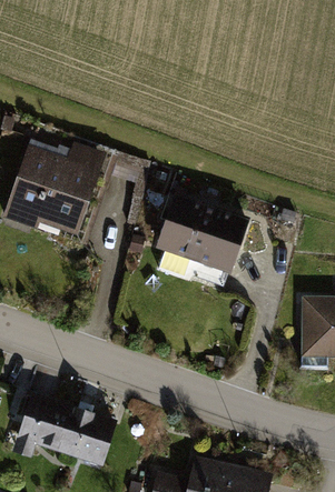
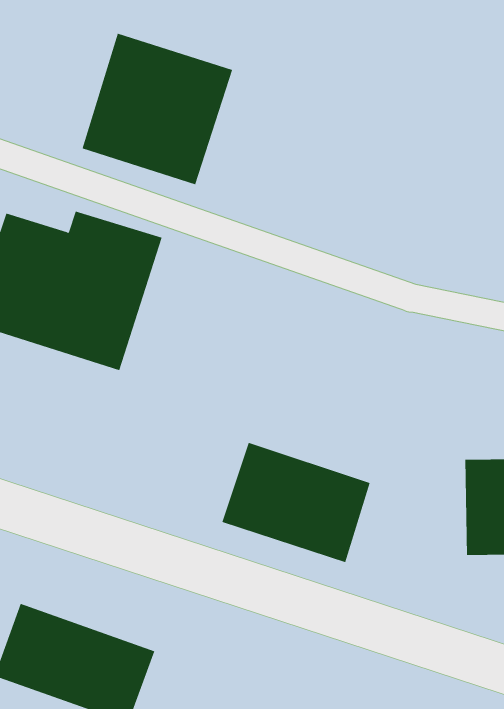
building: none -> [82,33,233,185]
building: [145,192,238,268] -> [221,442,371,563]

